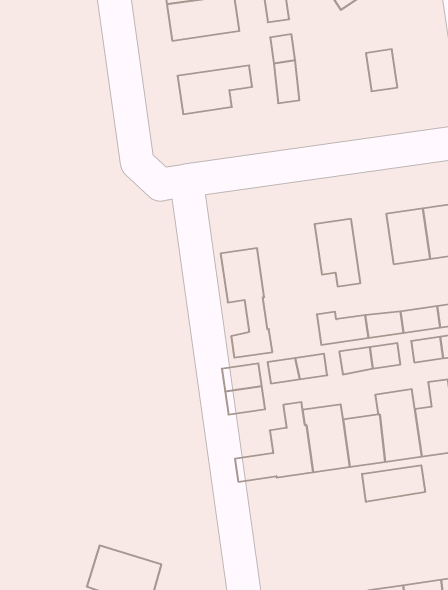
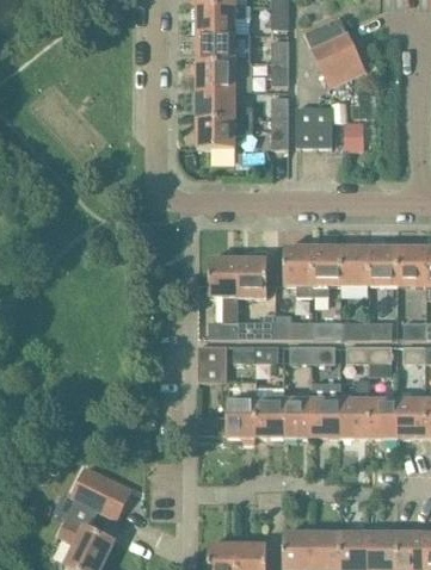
building: none -> [196,89,252,117]
building: none -> [295,107,331,148]
building: none -> [313,246,340,296]
building: none -> [238,249,266,296]
building: none -> [238,315,276,339]
building: [362,465,425,502] -> none

